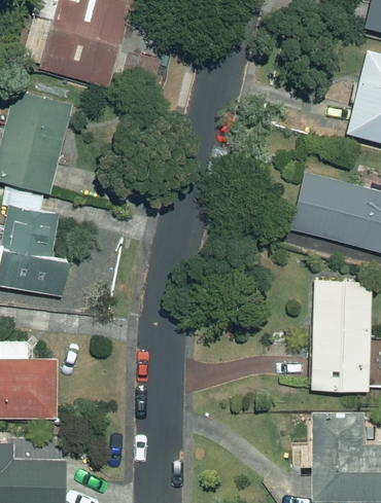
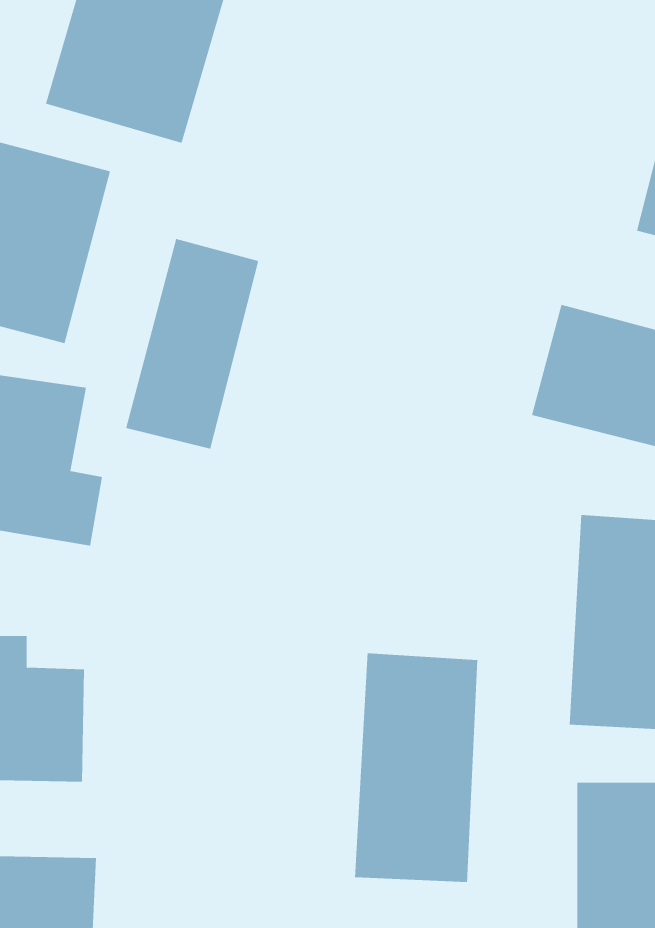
building: none -> [126,238,259,449]
building: none -> [354,653,478,883]

